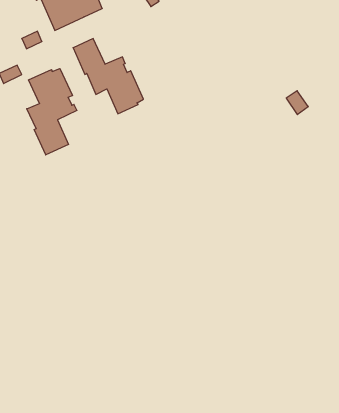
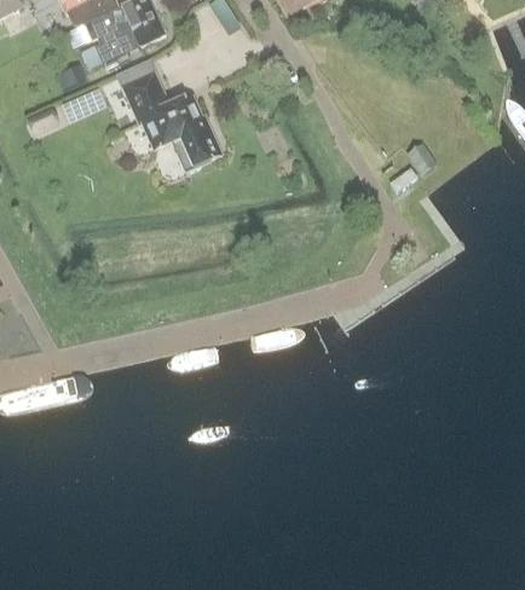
building: [27,69,77,155] -> none

